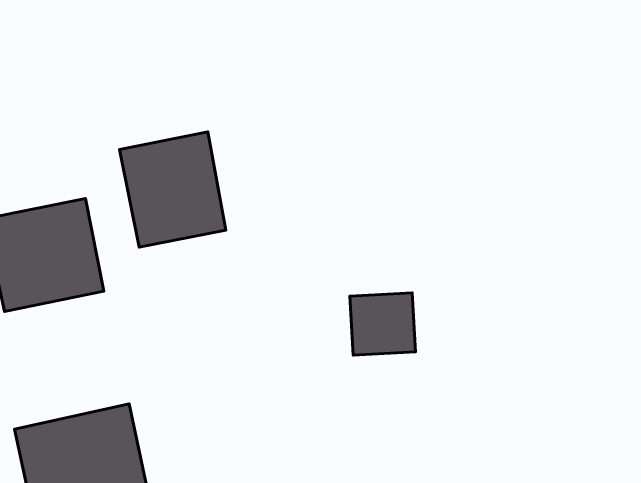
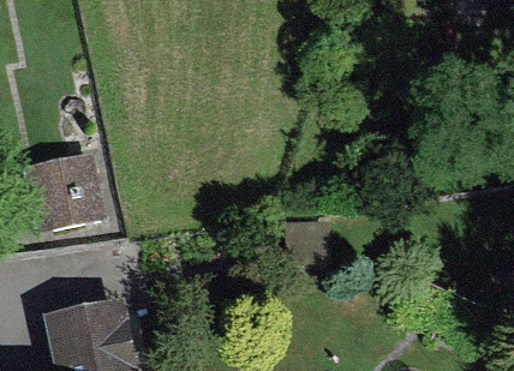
building: [120,132,226,247] -> none

